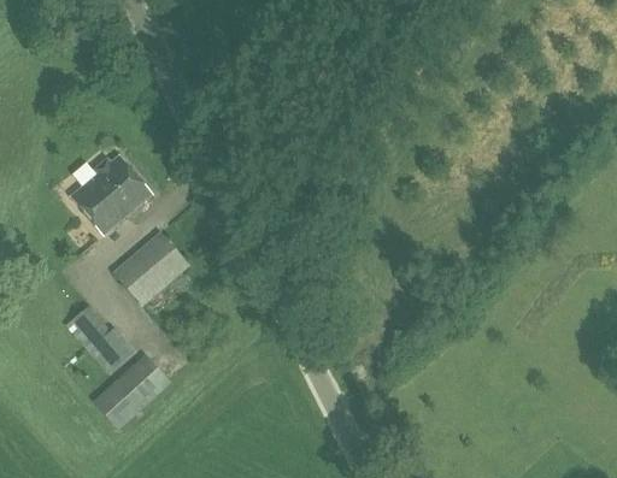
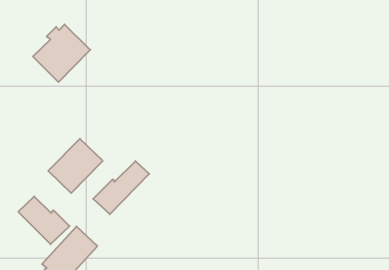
building: [72,155,153,235] -> [33,24,90,82]
building: none -> [93,161,149,214]

